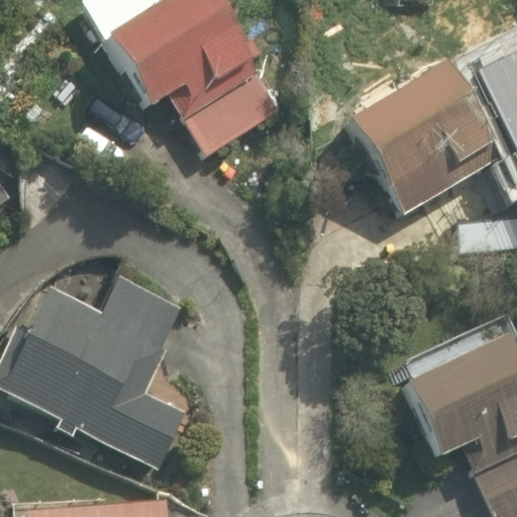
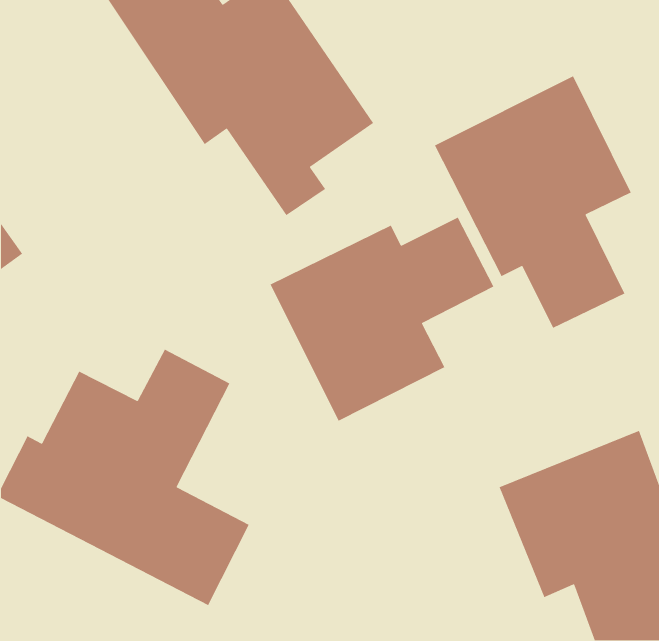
building: none -> [269,216,495,422]

